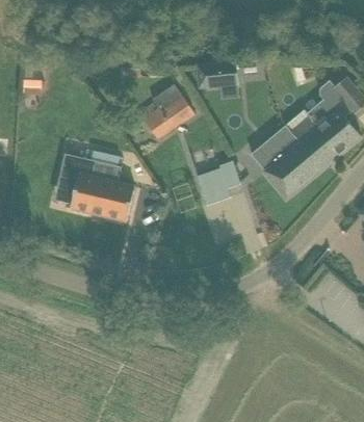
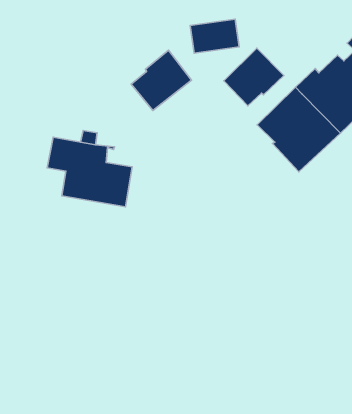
building: none -> [224,48,284,106]
building: [198,164,230,205] -> none

